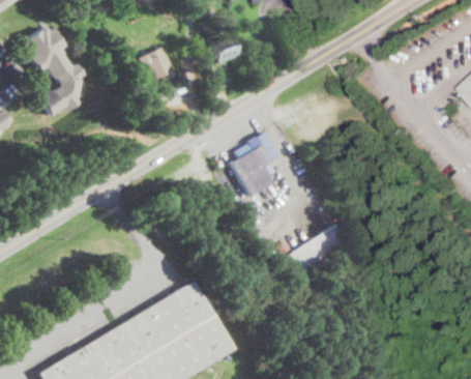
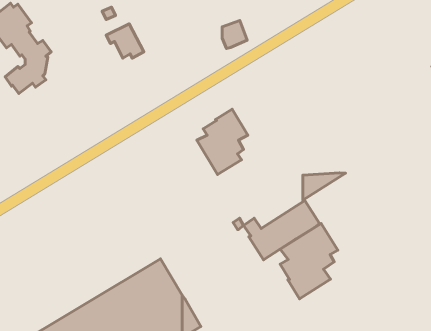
building: [215,35,240,63] -> [222,21,247,49]
building: none -> [303,173,346,200]
building: none -> [280,223,338,299]

